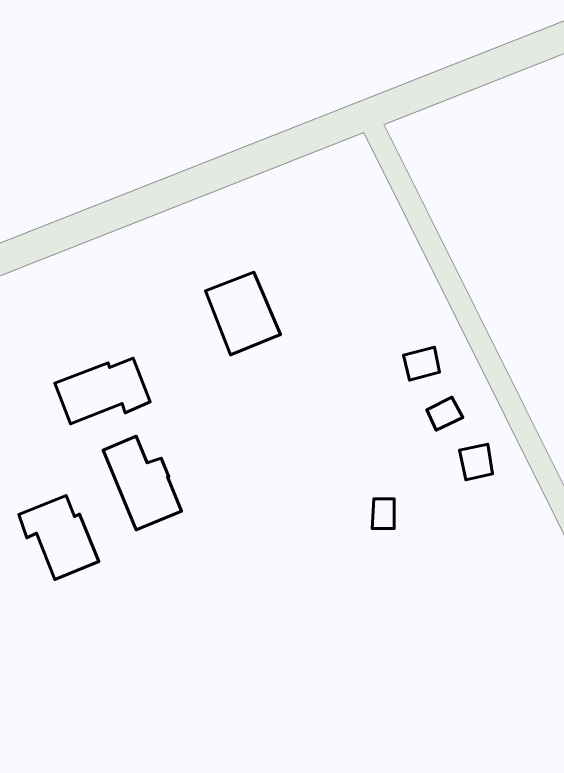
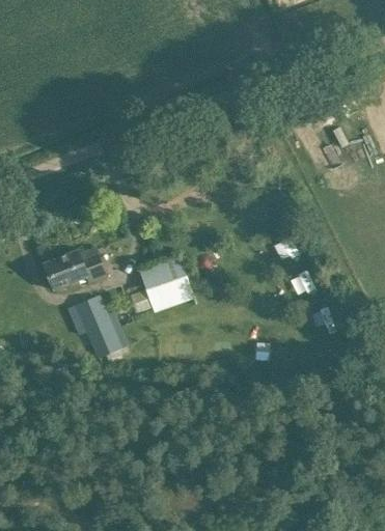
building: [205,272,281,355] -> [138,255,188,310]
building: [19,495,99,579] -> none

